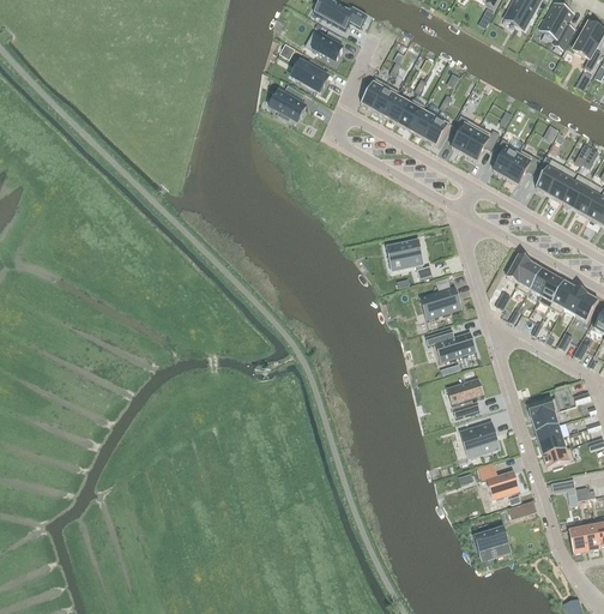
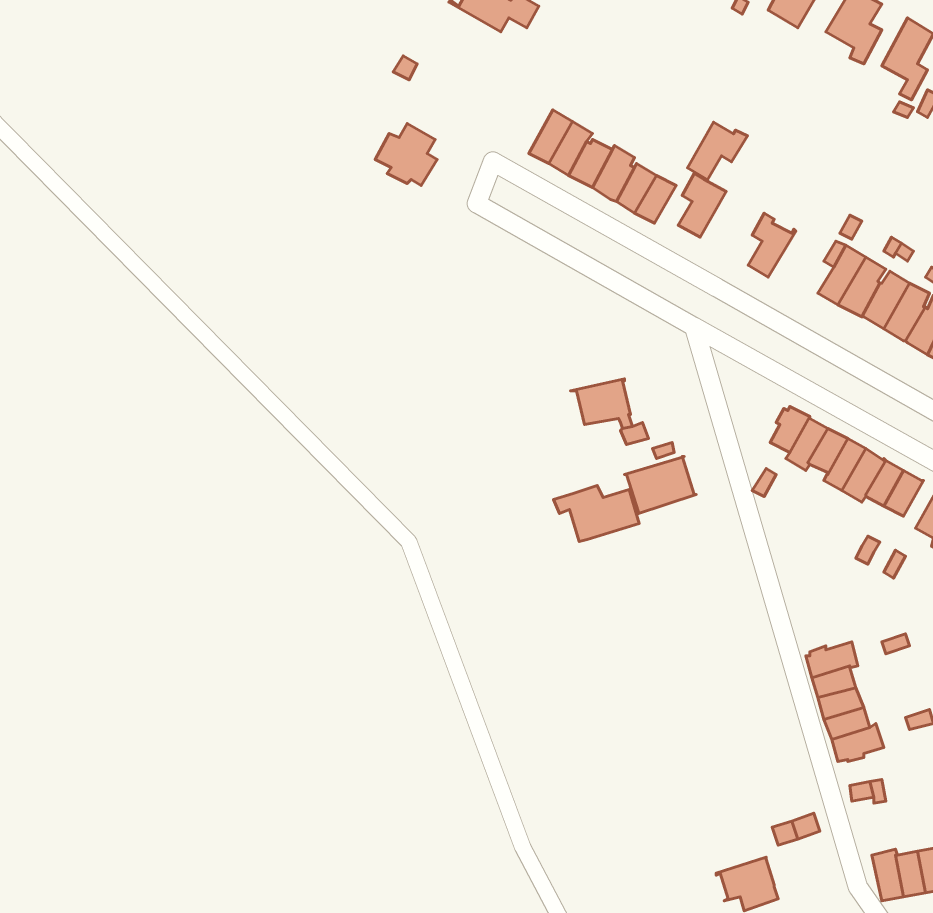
building: [304,30,343,62] -> none
building: [295,59,328,92] -> none
building: [464,126,500,161] -> [688,122,747,180]
building: [505,150,539,185] -> none
building: [424,329,476,362] -> [553,486,639,541]
building: [447,378,484,417] -> none
building: [459,421,500,455] -> none
building: [478,468,519,500] -> none

